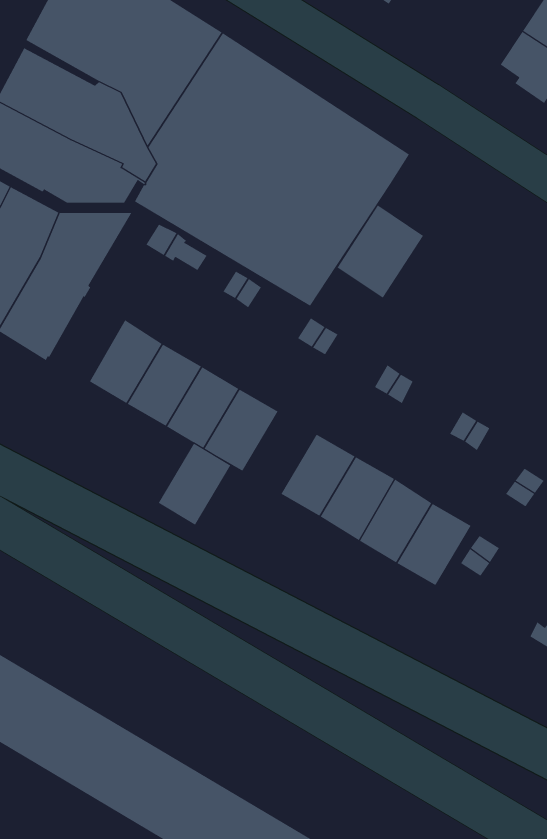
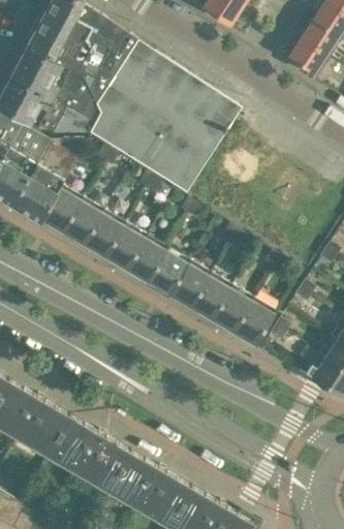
building: [337,205,424,299] -> none
building: none -> [41,187,83,234]
building: [158,443,231,525] -> [148,250,188,295]

